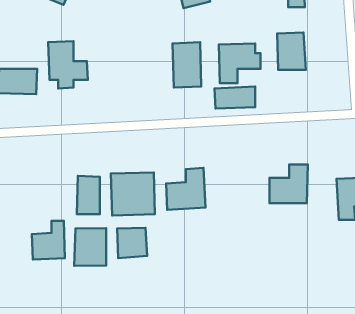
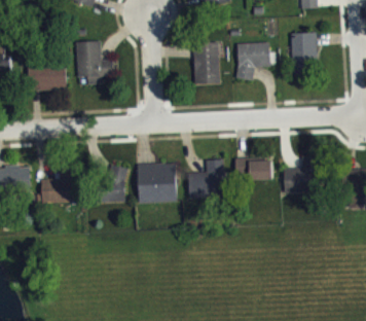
building: [214,86,255,108] -> [234,158,272,179]
building: [32,221,65,259] -> [40,167,71,203]
building: [117,228,147,258] -> none
building: [74,228,106,266] -> none

